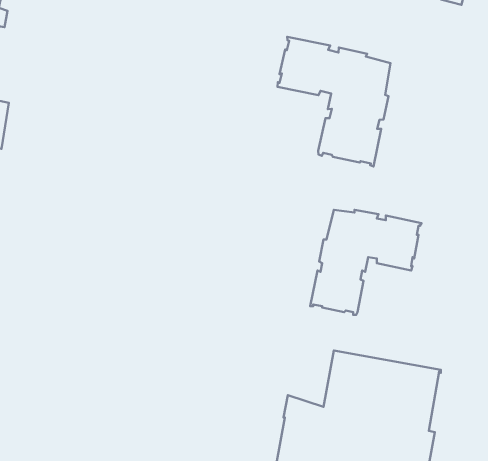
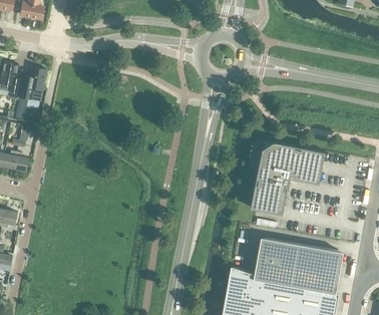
building: [277,37,390,166] -> none

